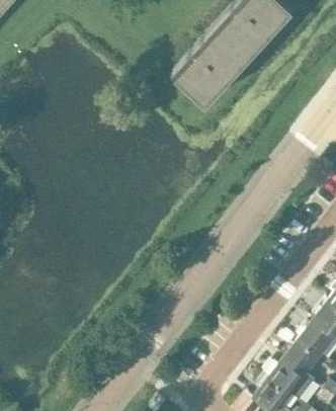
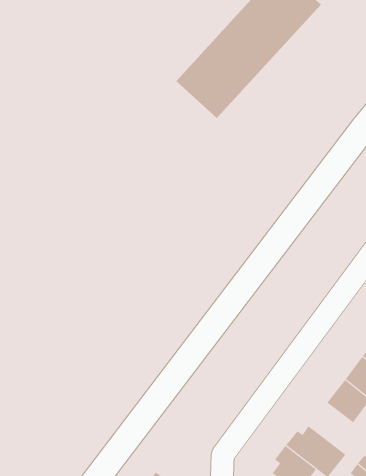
building: [283,338,321,375] -> none

